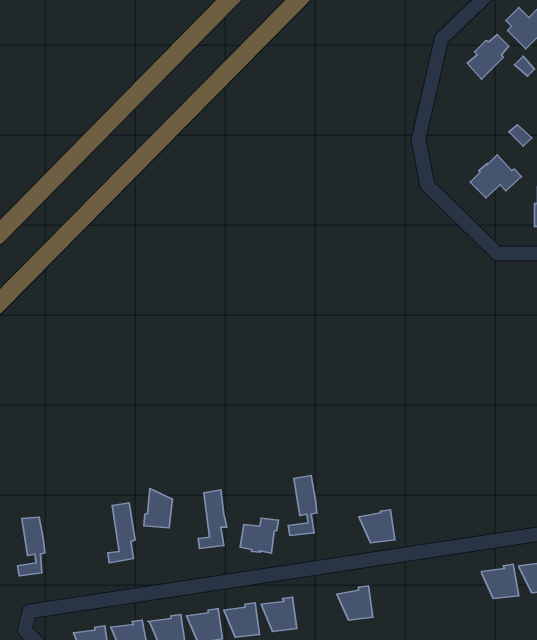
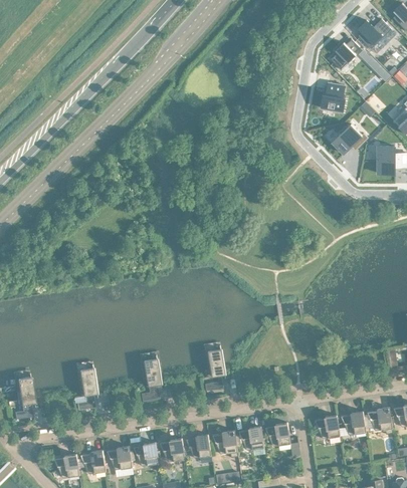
building: none -> [322,80,345,109]
building: [144,489,173,528] -> none
building: [359,510,395,543] -> [264,422,289,445]
building: [240,518,279,553] -> none
building: none -> [314,414,339,438]
building: none -> [211,429,237,456]

